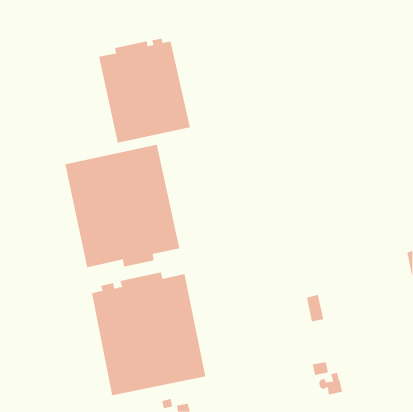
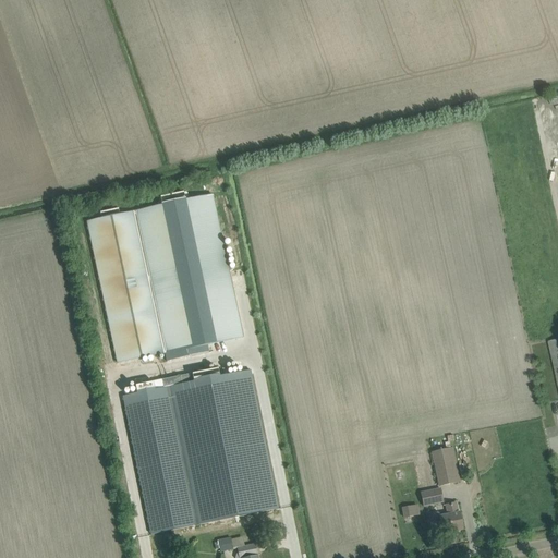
building: [99,38,190,144] -> none
building: [306,294,324,322] -> [433,447,457,484]

